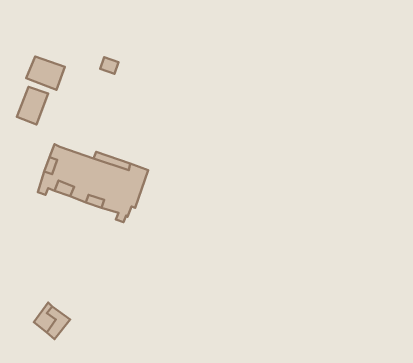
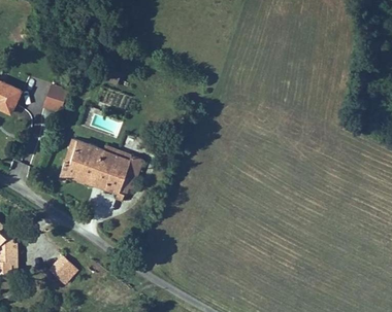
building: [26,56,65,90] -> none

